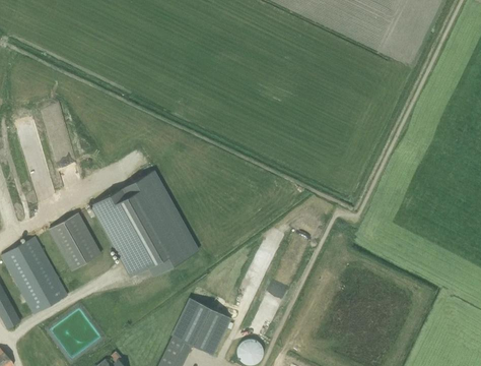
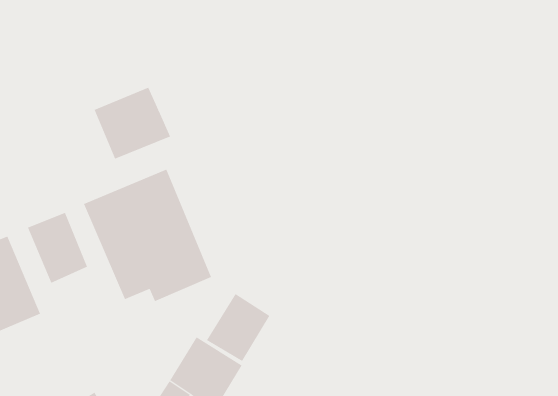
building: none -> [94,87,171,160]
building: none -> [206,293,270,362]

